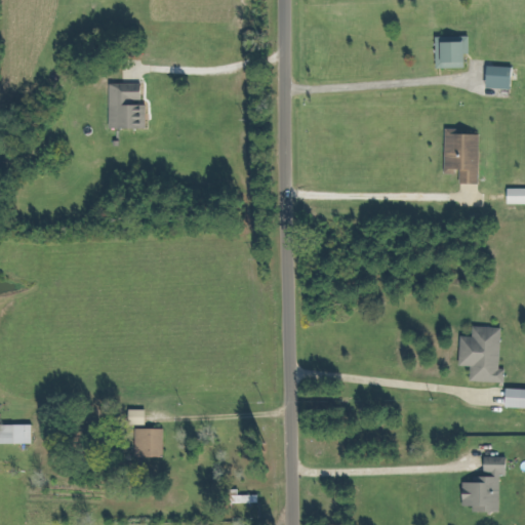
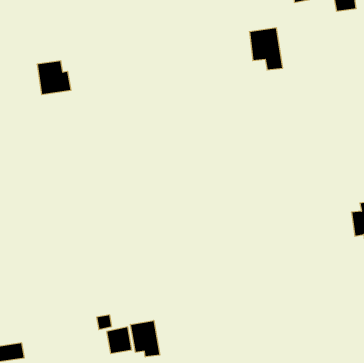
building: [443,132,479,184] -> [249,28,283,70]
building: none -> [130,320,160,357]

